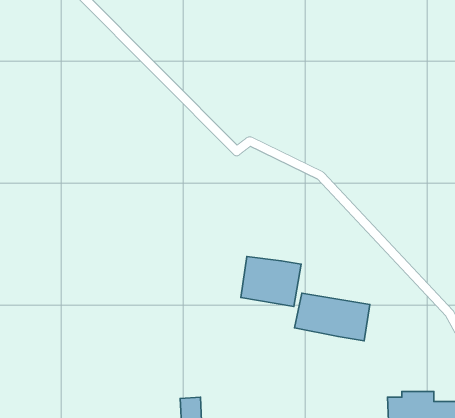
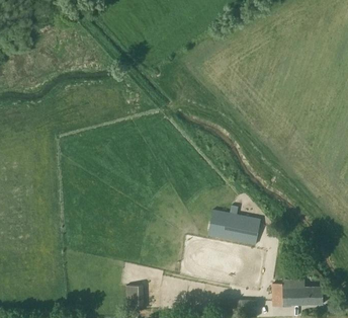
building: [241,256,301,306] -> none

